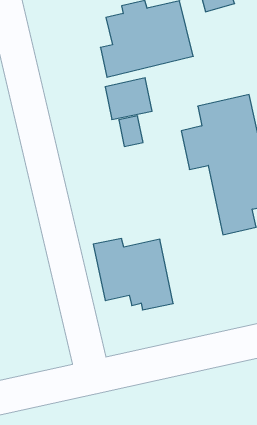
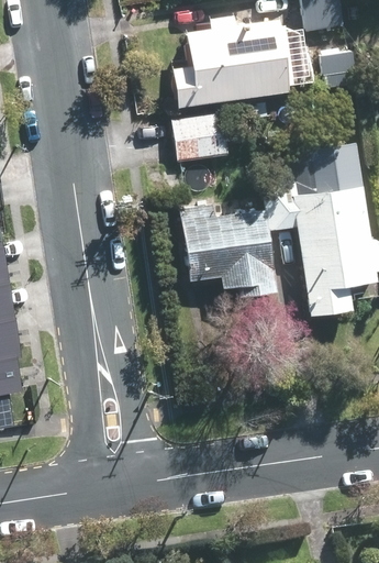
building: [93,239,173,310] -> [182,206,278,298]

